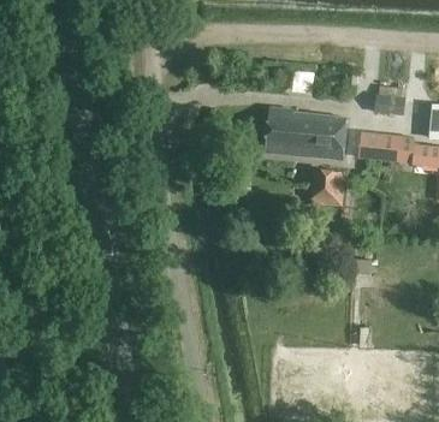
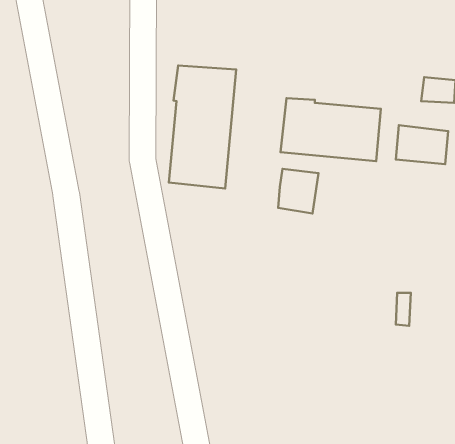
building: none -> [169,65,236,188]
building: [313,171,345,207] -> [278,169,319,214]

